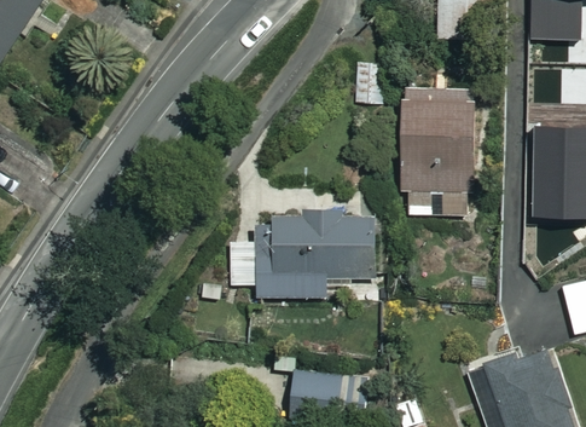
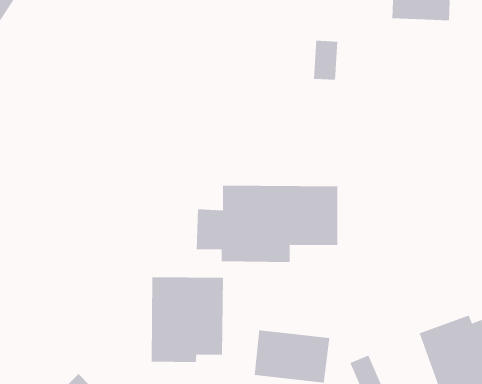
building: [400,88,478,215] -> none
building: none -> [151,276,224,363]

